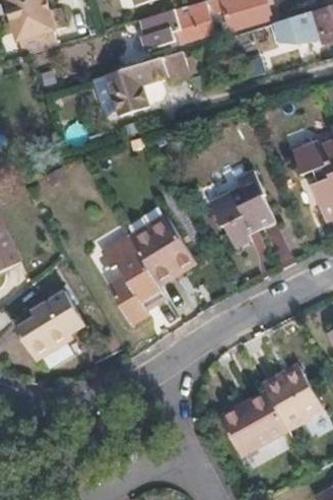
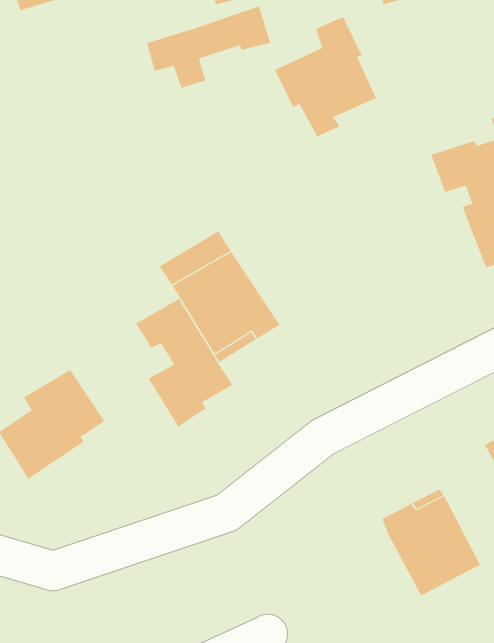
building: [208,166,274,244] -> [274,16,377,138]
building: [218,393,285,457] -> none

